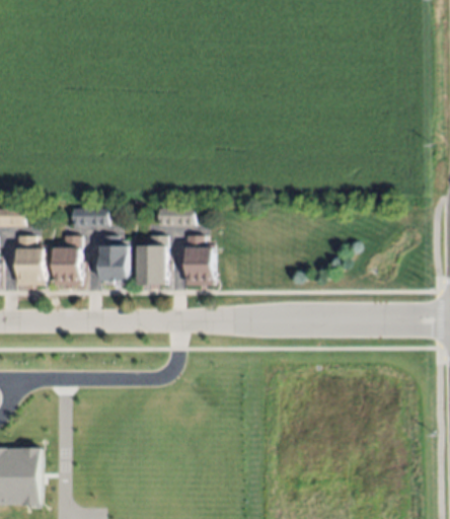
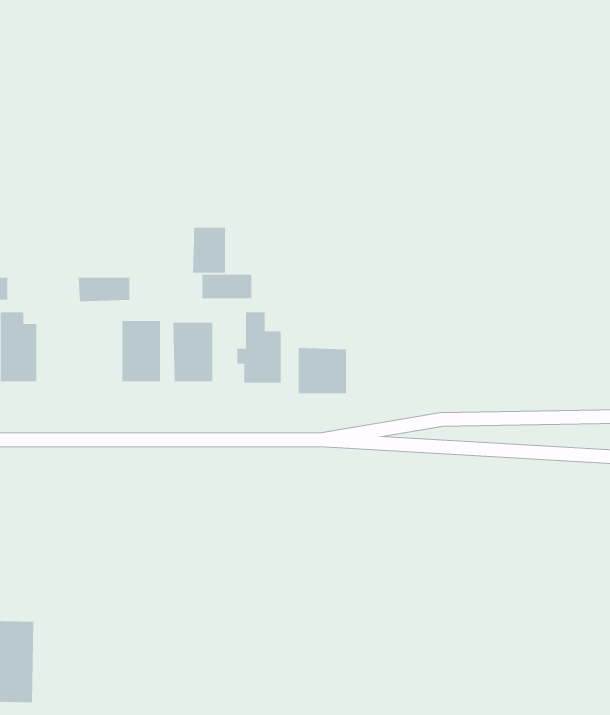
building: none -> [193,227,226,273]
building: [54,234,80,286] -> none
building: none -> [298,347,347,394]

